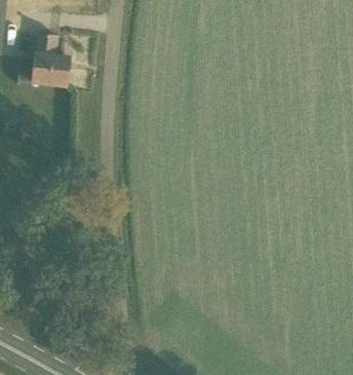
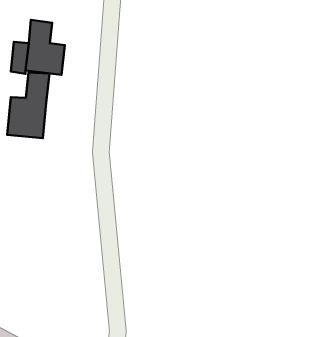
building: none -> [7,72,50,138]

